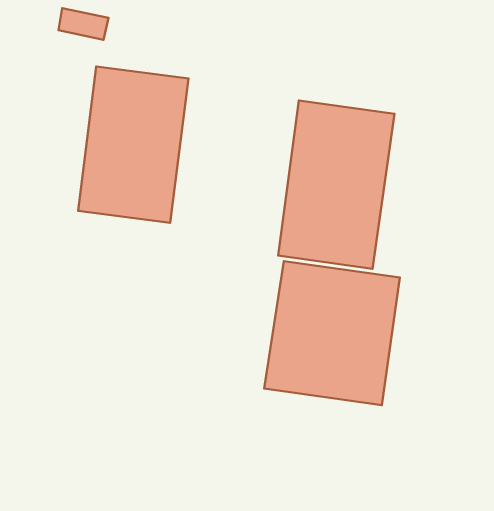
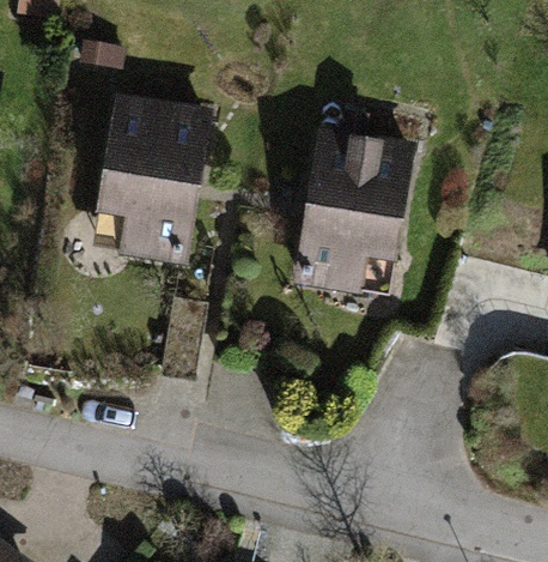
building: [264,261,400,405] -> none

